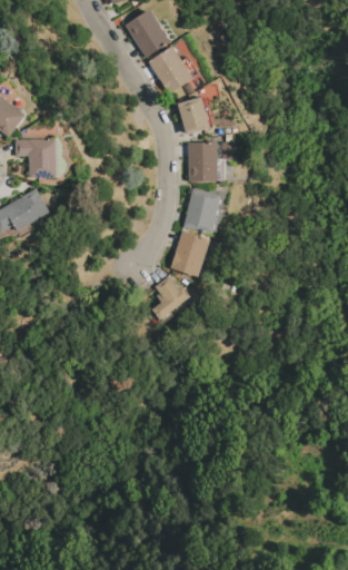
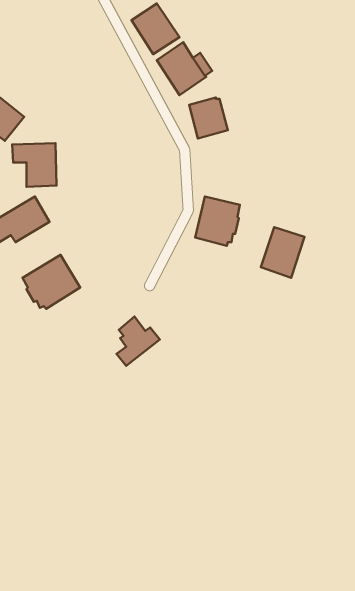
building: [178,140,218,180] -> none
building: [170,229,210,276] -> [261,227,304,278]
building: none -> [22,255,80,309]
building: [152,274,192,320] -> [116,317,160,366]

